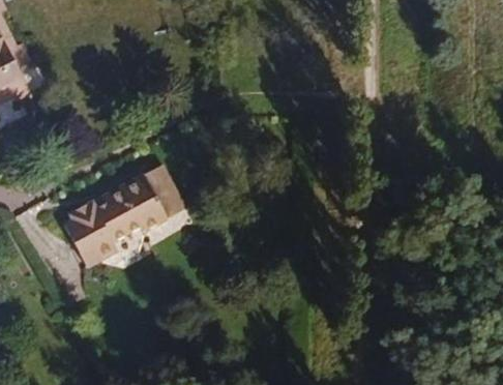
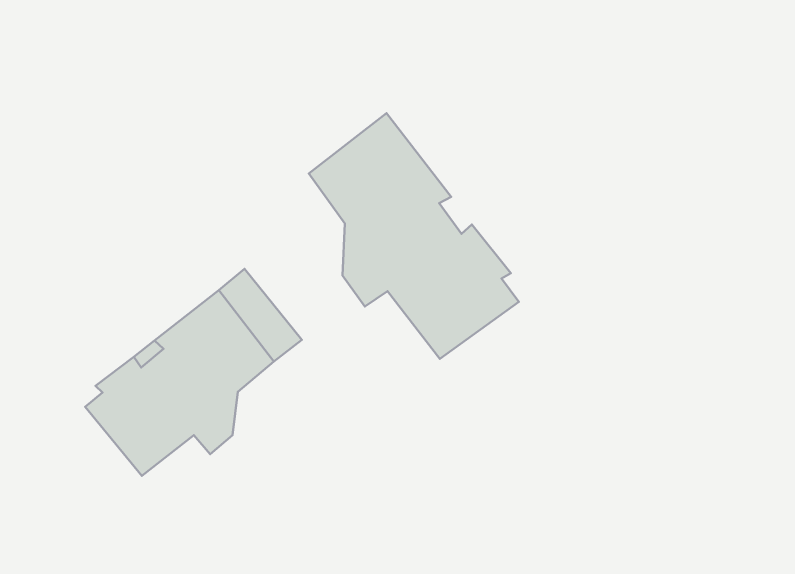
building: none -> [309,113,519,359]

